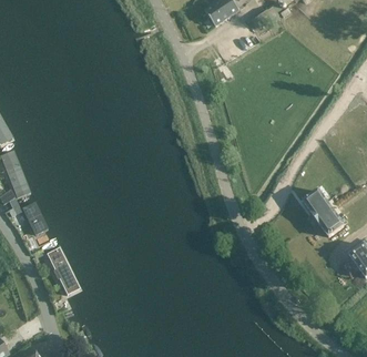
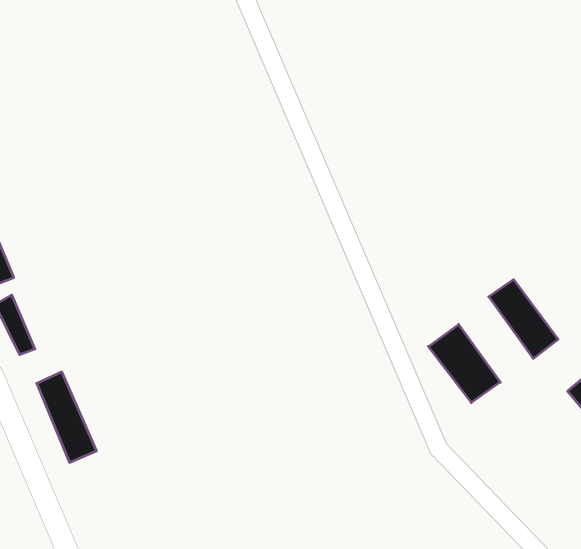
building: none -> [428,324,500,403]

